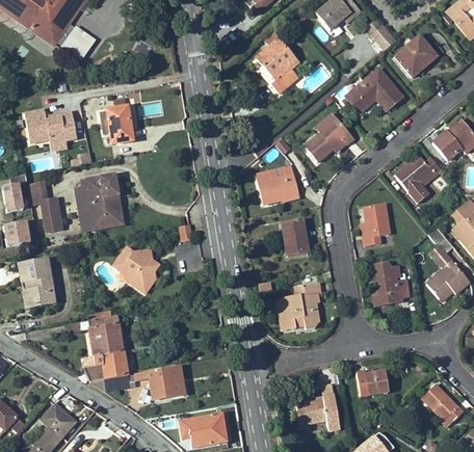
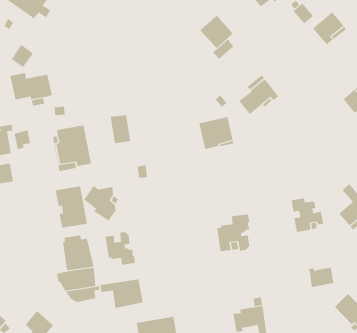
building: [64,29,93,58] -> [11,44,34,68]
building: [344,69,401,112] -> none
building: [106,107,132,142] -> [110,115,131,144]
building: [394,154,441,202] -> none
building: [41,194,65,231] -> none
building: [363,203,389,245] -> none
building: [281,218,308,257] -> none
building: [17,255,57,307] -> [55,186,88,228]
building: none -> [105,231,135,266]
building: [357,371,388,396] -> [309,267,334,287]

